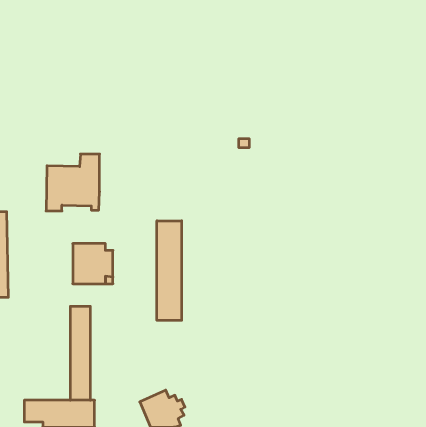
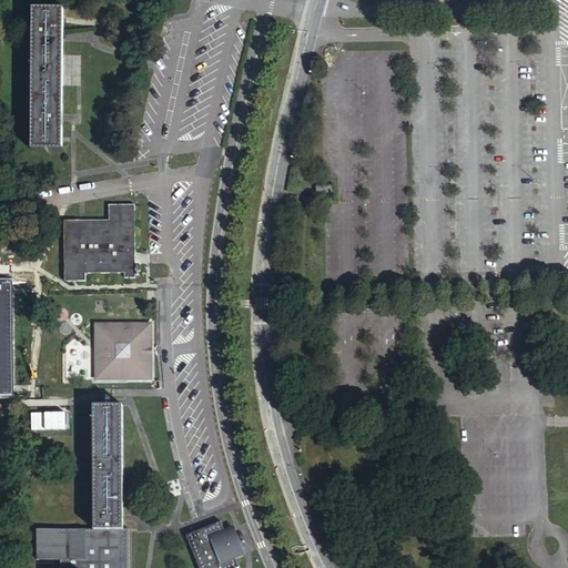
building: none -> [30,7,62,146]
building: [157,221,182,320] -> none

